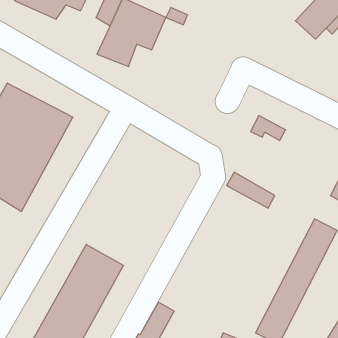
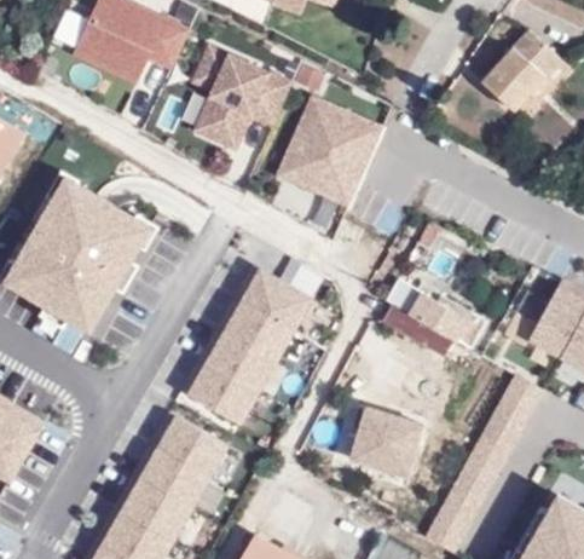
building: none -> [276,93,384,206]
building: none -> [184,260,311,421]
building: none -> [384,280,484,347]
building: none -> [353,407,420,467]

